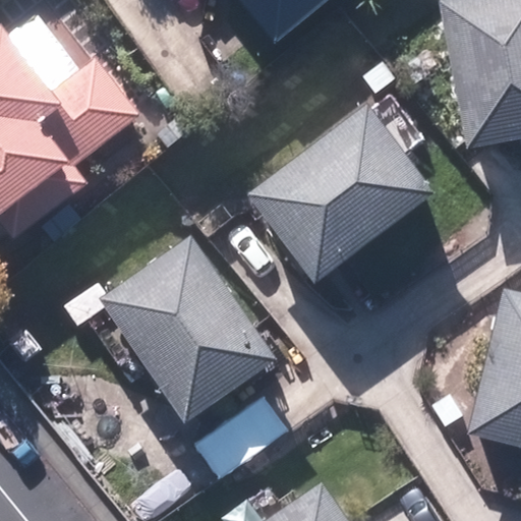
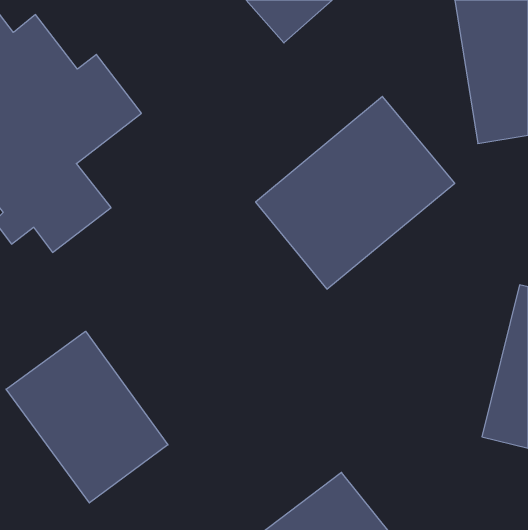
building: [99,227,284,420] -> none
building: none -> [6,331,168,503]

